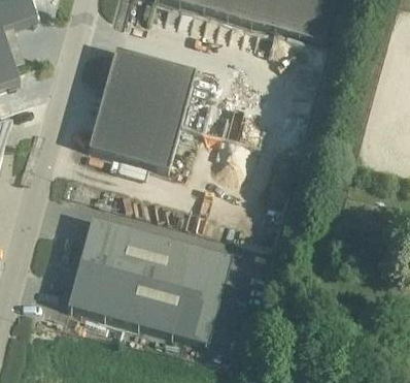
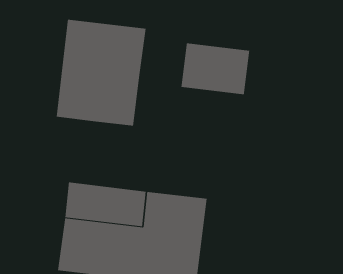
building: none -> [181,42,250,95]

